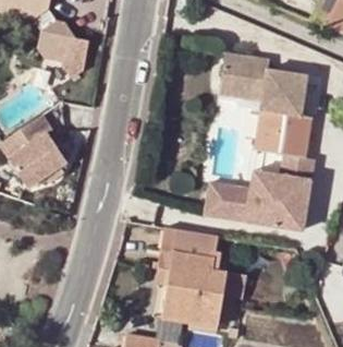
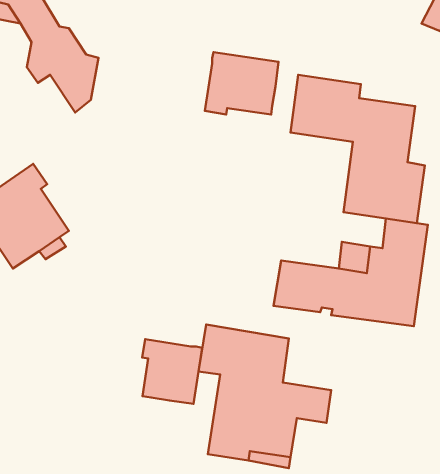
building: none -> [205,52,279,115]
building: none -> [142,339,202,404]

